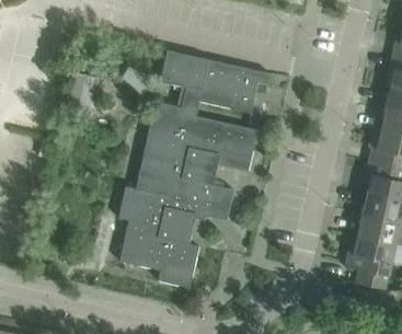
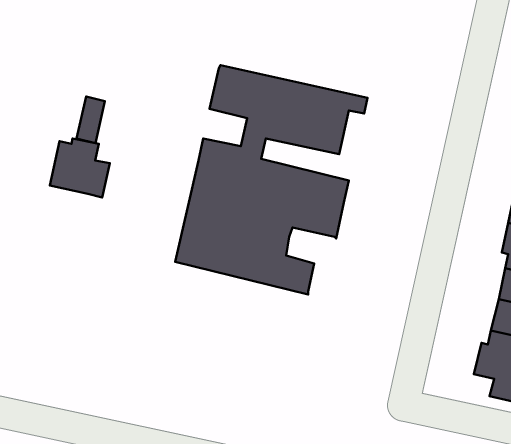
building: none -> [50,139,110,197]
building: [119,186,229,288] -> none

